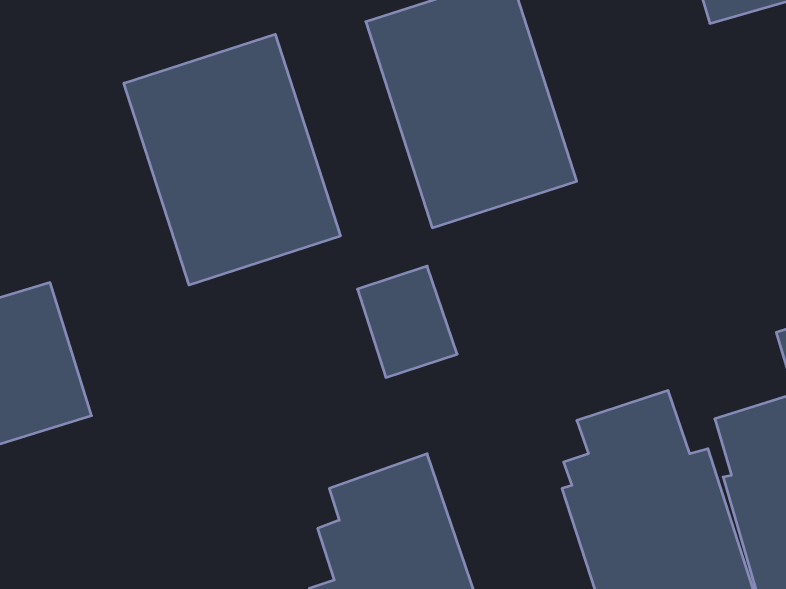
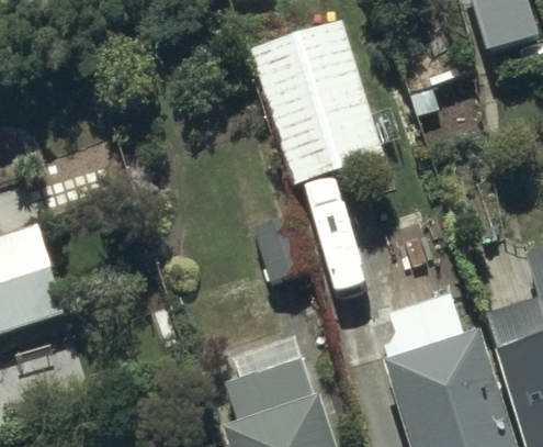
building: [124,34,340,285] -> none

